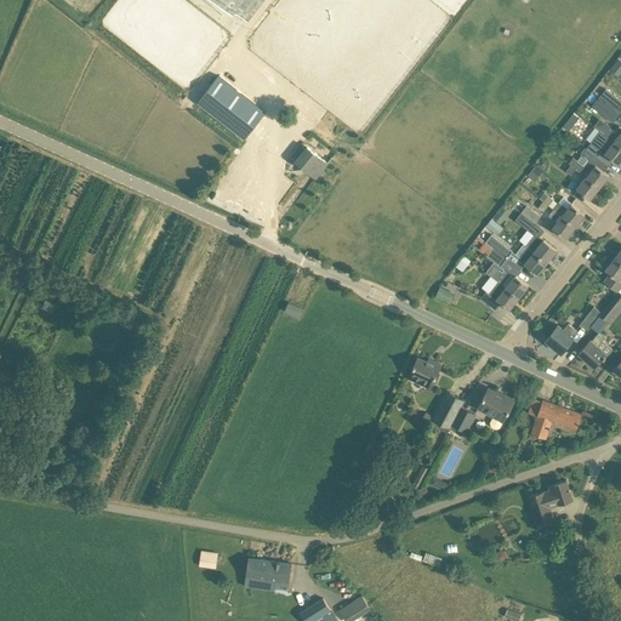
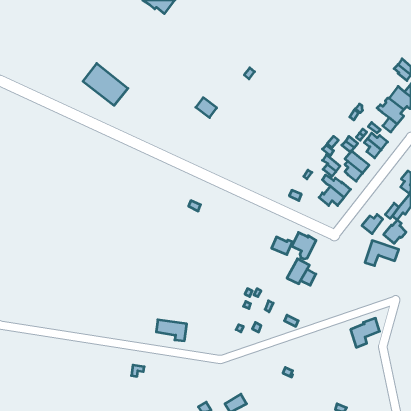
building: [196,76,264,139] -> [83,63,128,105]
building: [477,389,513,429] -> [292,232,316,259]
building: [530,401,581,439] -> [365,241,399,266]
building: [245,558,291,589] -> [156,320,187,341]

